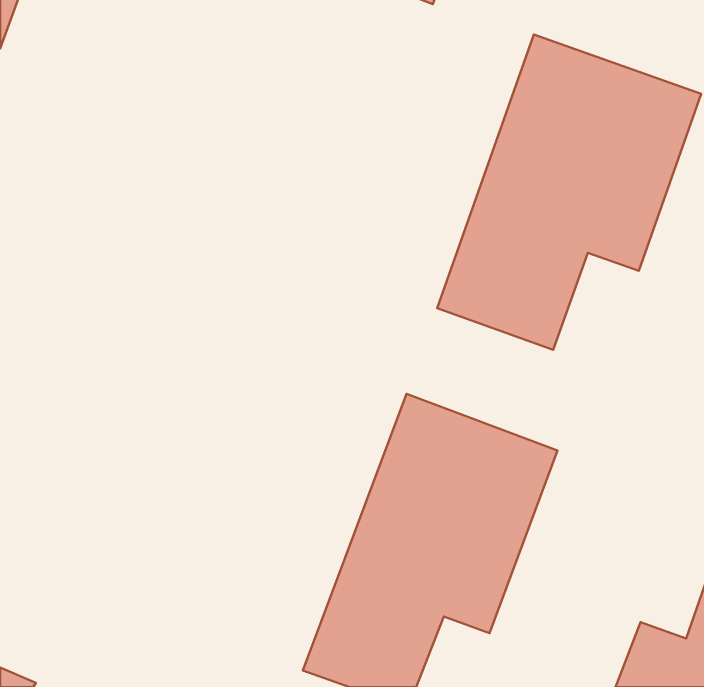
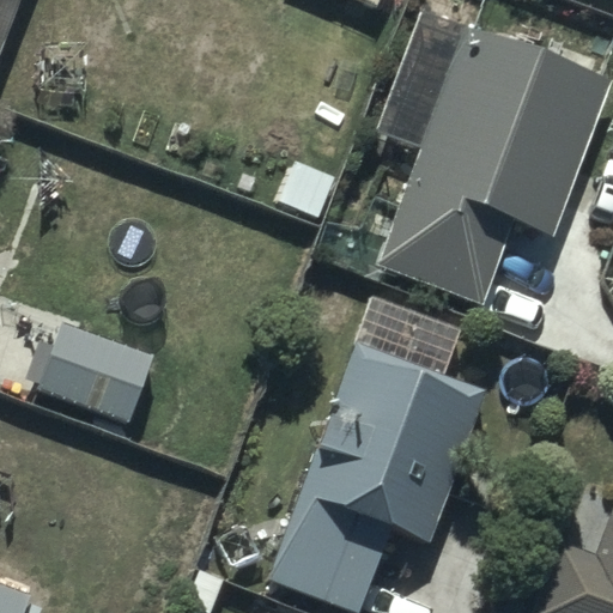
building: none -> [31,317,154,425]

